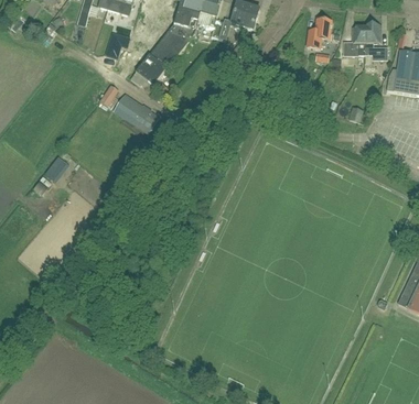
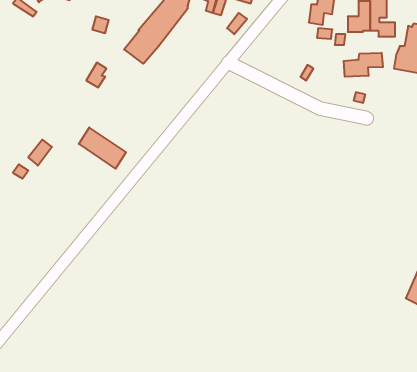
building: none -> [344,53,383,77]
building: [115,94,159,132] -> [79,127,126,169]

